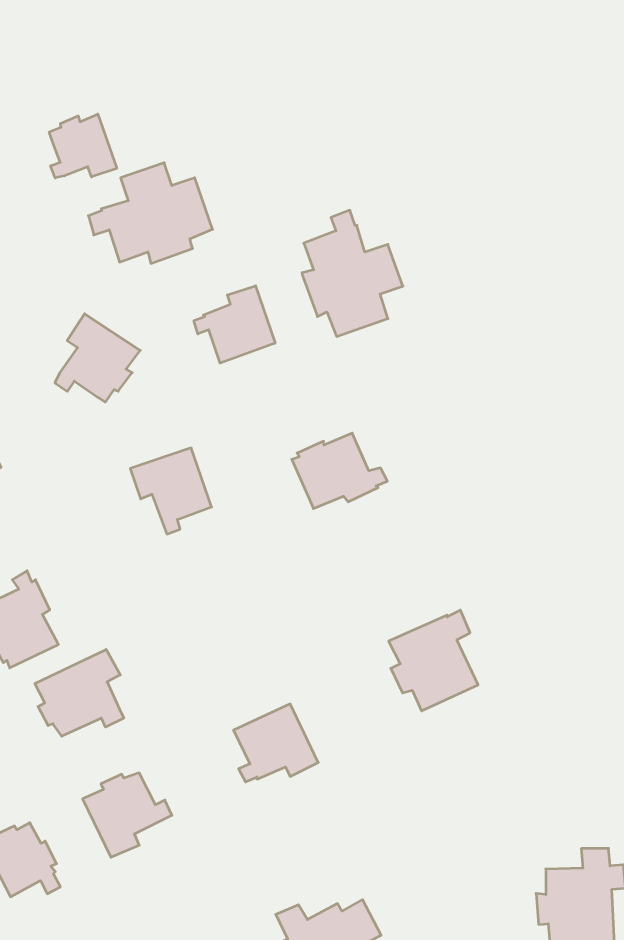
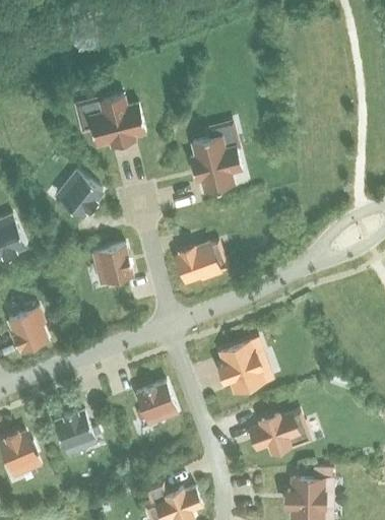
building: [49,114,117,178] -> none
building: [194,286,275,363] -> none
building: [35,649,124,736] -> none
building: none -> [250,414,299,455]

